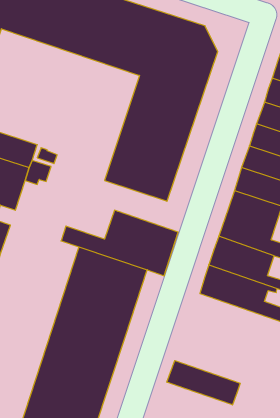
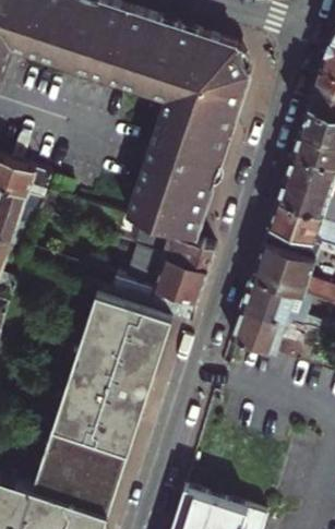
building: none -> [141,225,215,272]
building: [167,361,240,405] -> none

